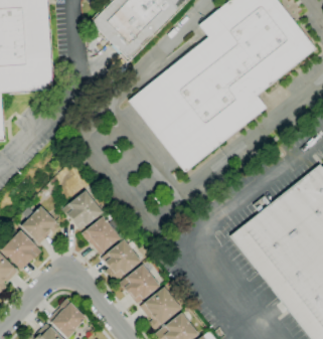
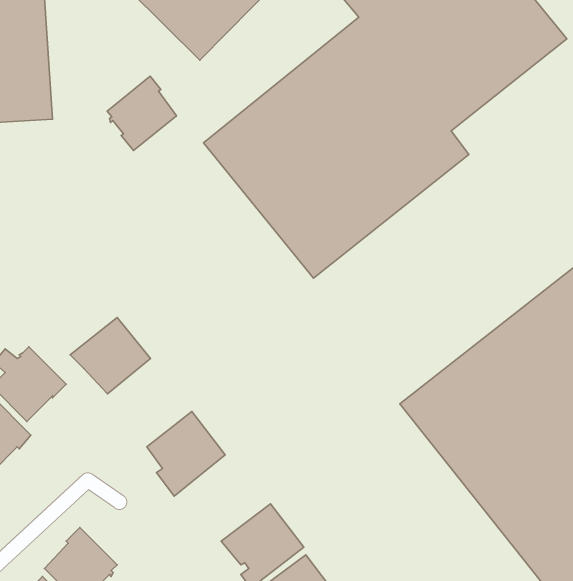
building: none -> [107,76,177,151]
building: [82,216,121,255] -> none
building: [119,265,160,304] -> none

